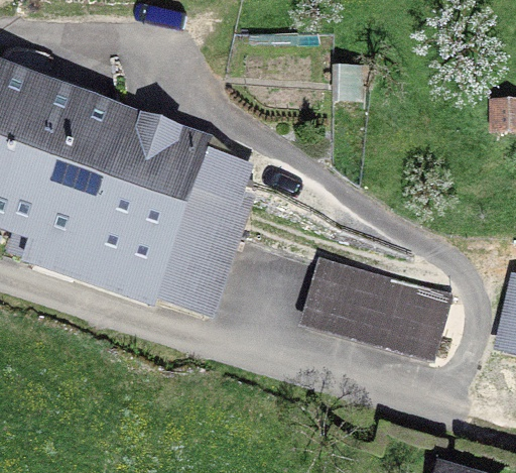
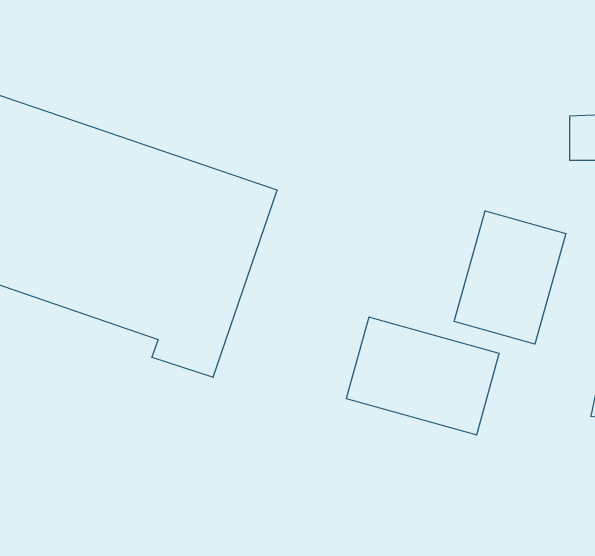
building: none -> [454,211,566,344]

